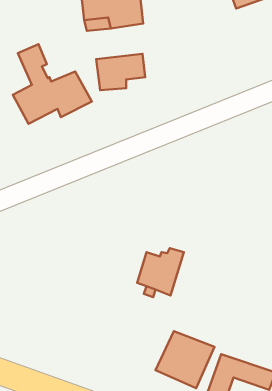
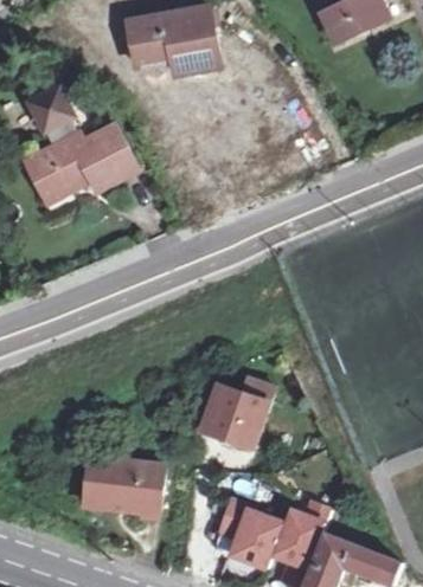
building: [96,54,145,90] -> none
building: none -> [83,452,162,509]

